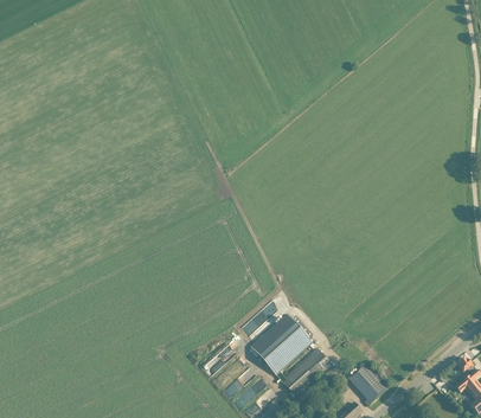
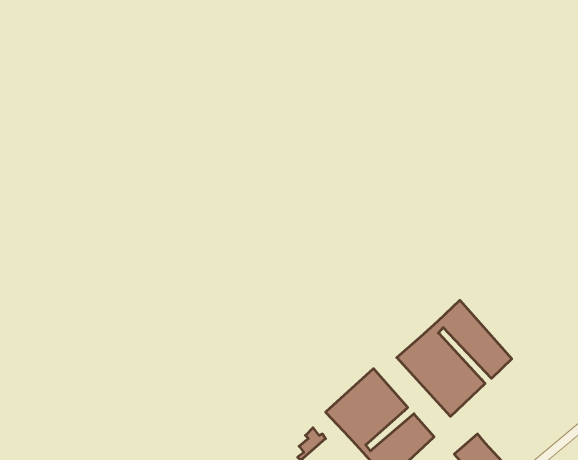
building: none -> [397,300,512,416]

